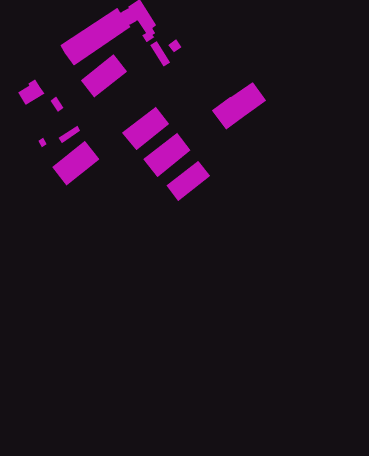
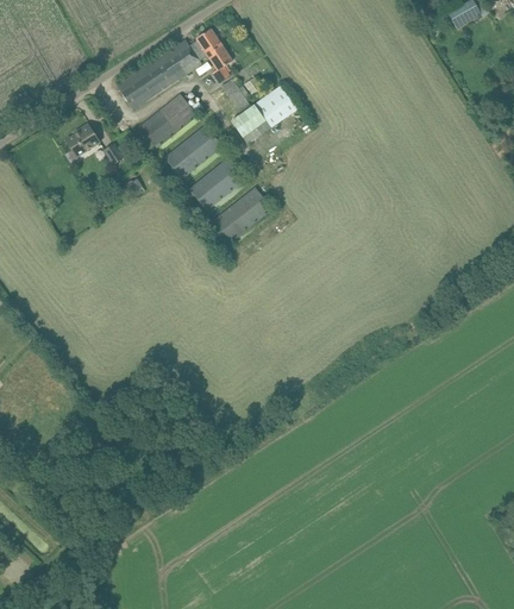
building: [211,81,267,131] -> [231,86,297,144]
building: [51,140,100,186] -> [164,124,222,178]
building: [166,160,211,202] -> none

